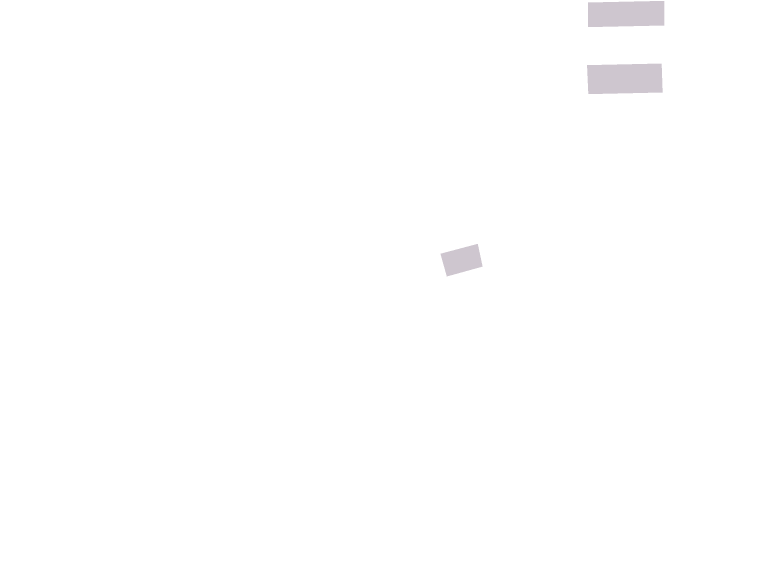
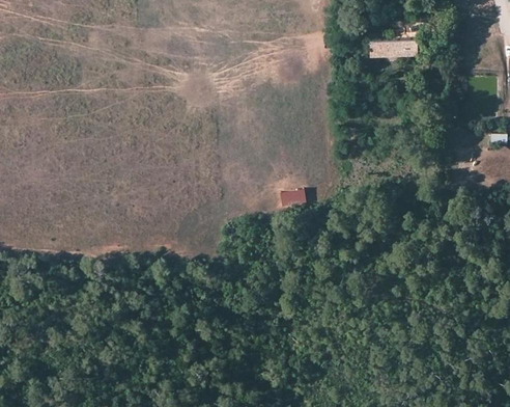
building: [587,63,663,95] -> none

